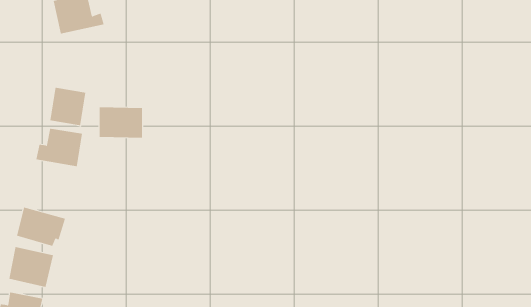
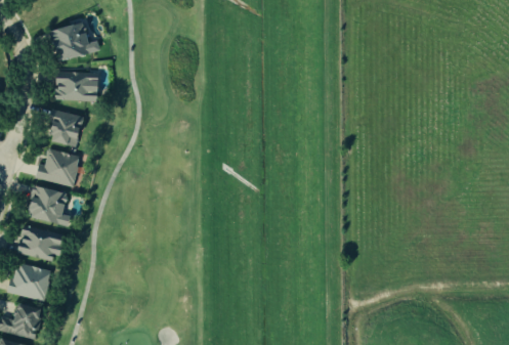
building: [99,107,143,138] -> [55,72,97,101]
building: none -> [26,186,71,226]

